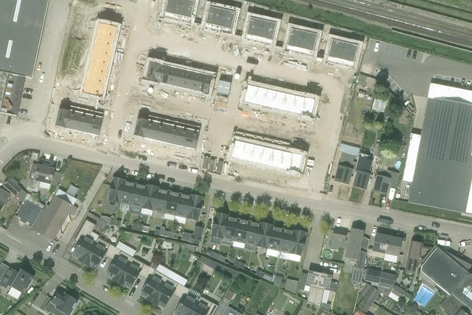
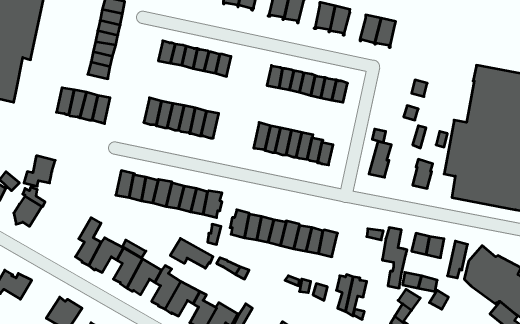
building: [353,156,372,188] -> none
building: [35,194,77,239] -> none
building: none -> [170,238,213,268]

